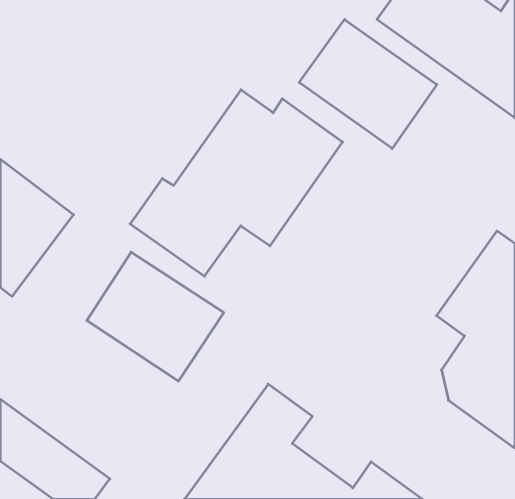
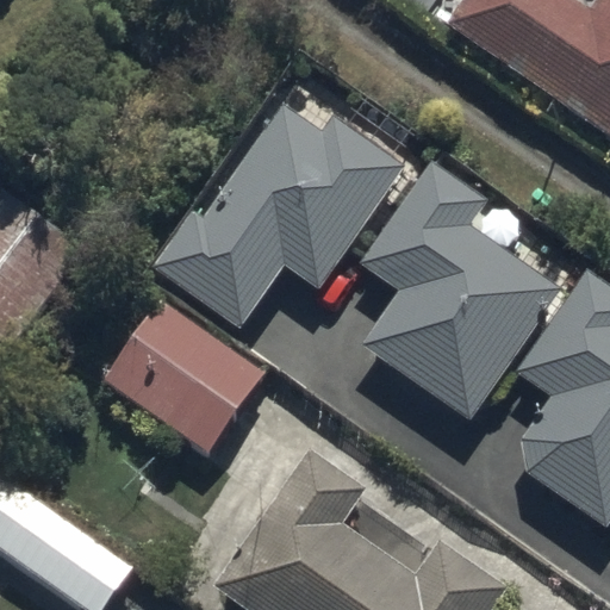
building: [299,19,437,149] -> none
building: none -> [362,166,559,418]

